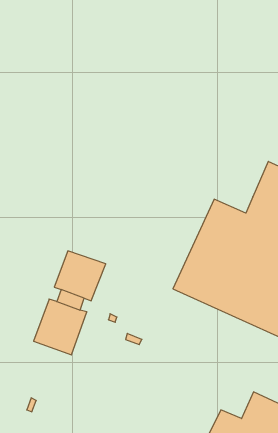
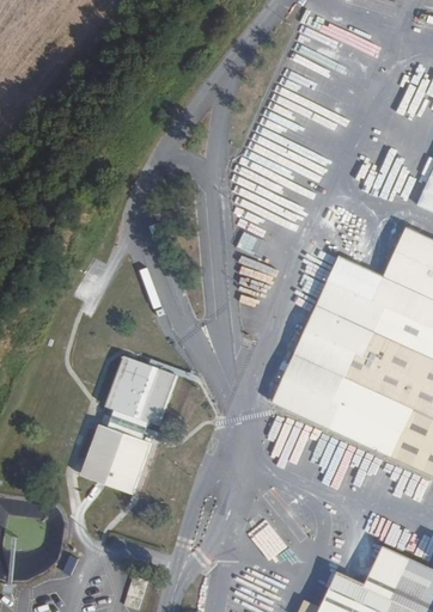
building: none -> [329,257,383,299]

